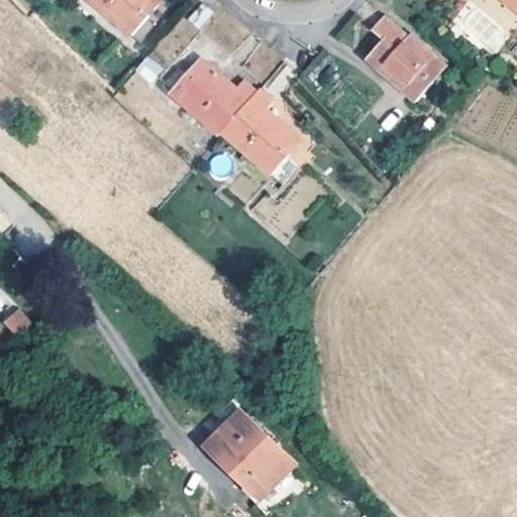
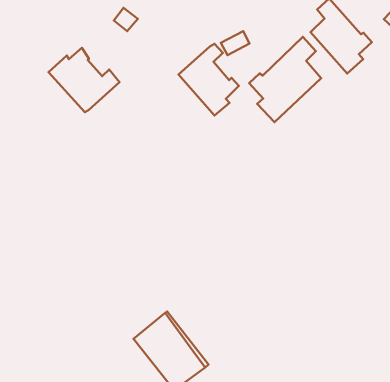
building: [167,59,250,132] -> [49,48,120,112]
building: none -> [249,37,321,122]

